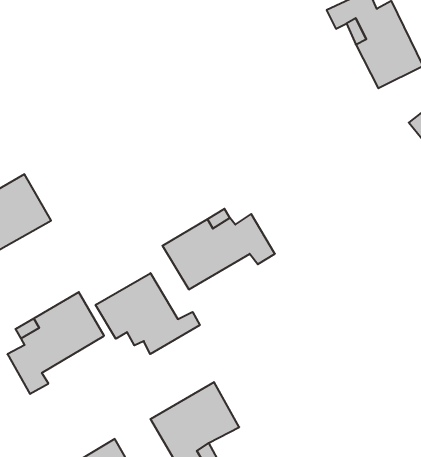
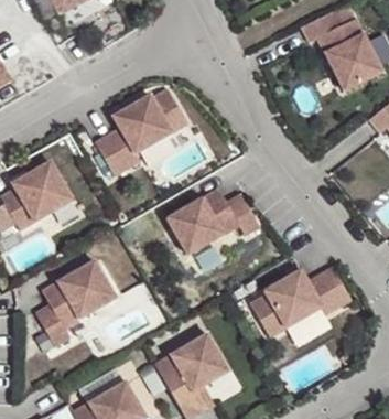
building: none -> [91,90,185,176]
building: [96,273,200,354] -> none
building: none -> [249,267,350,339]

